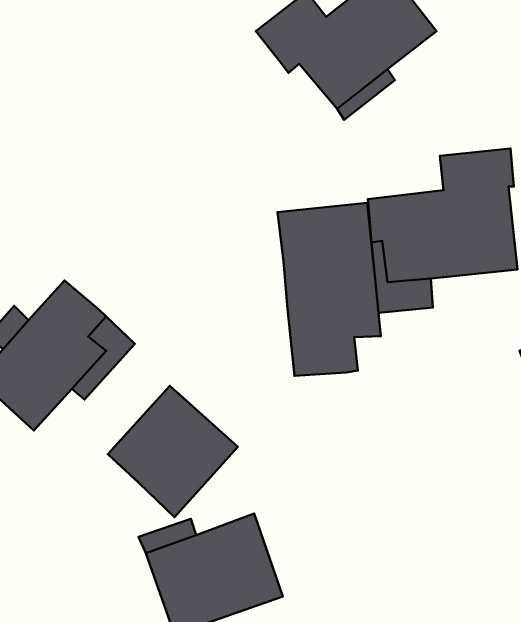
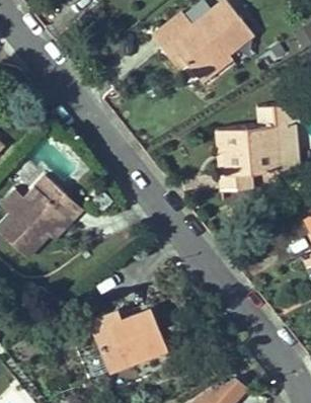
building: [278,203,381,376] -> none
building: [108,386,238,517] -> none

